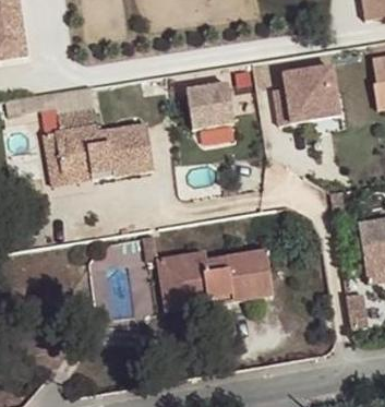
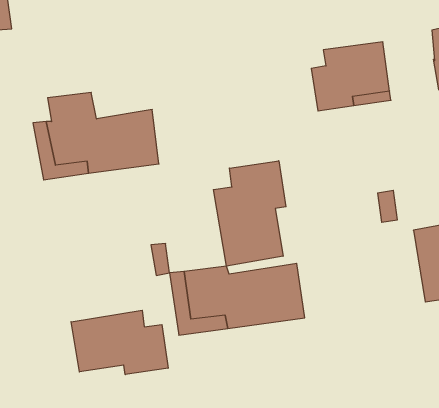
building: [187,84,234,130] -> none
building: none -> [213,161,286,266]
building: none -> [71,310,168,375]

